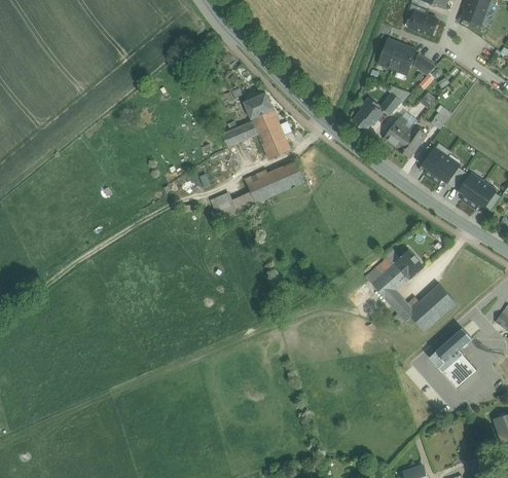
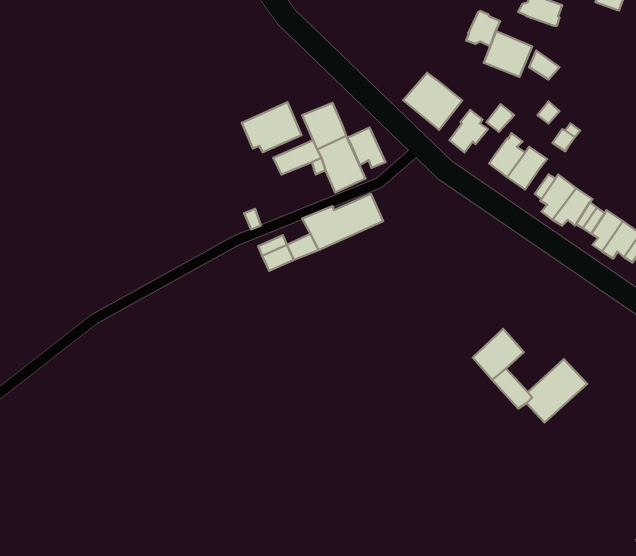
building: none -> [466,11,500,45]
building: none -> [403,73,462,130]
building: none -> [242,102,302,152]
building: none -> [347,127,385,168]
building: [393,249,423,279] -> none
building: [431,322,479,382] -> none

